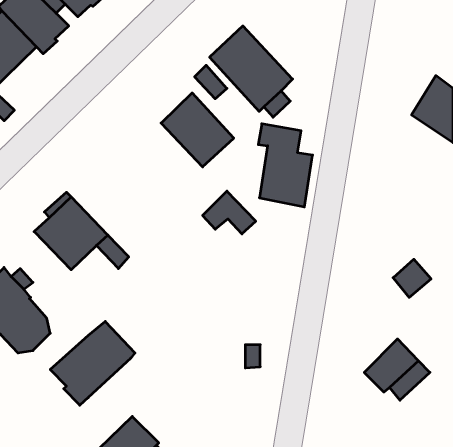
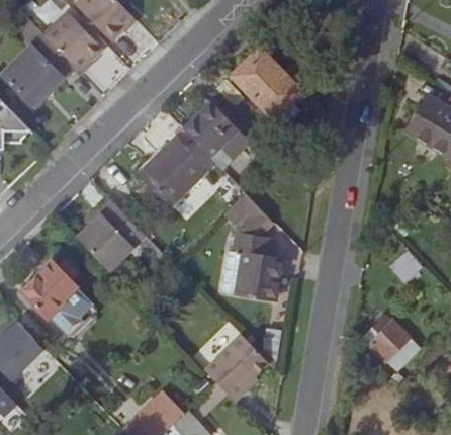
building: [258,124,313,207] -> [233,229,280,301]
building: none -> [140,139,207,206]
building: [50,321,135,405] -> none
building: none -> [203,333,266,399]

